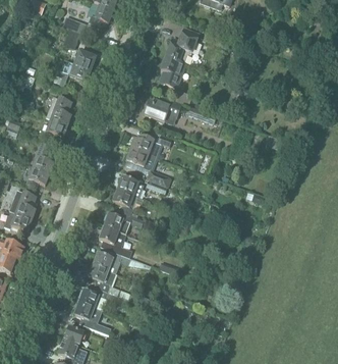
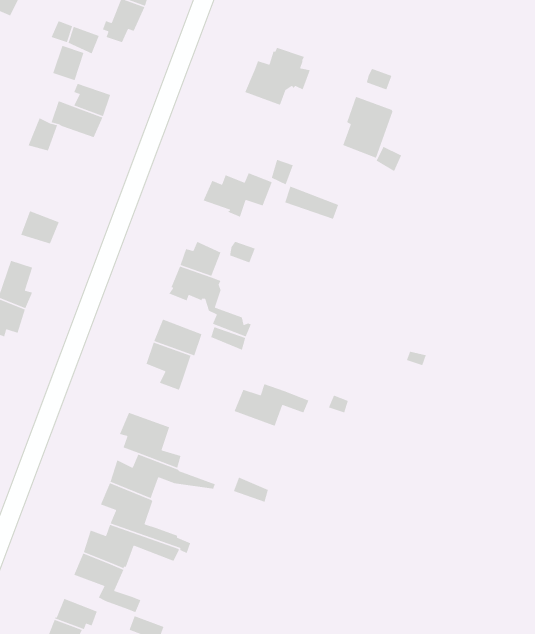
building: [158,55,185,89] -> [342,96,394,159]
building: [45,96,70,124] -> none
building: [103,211,144,235] -> [233,383,309,427]

